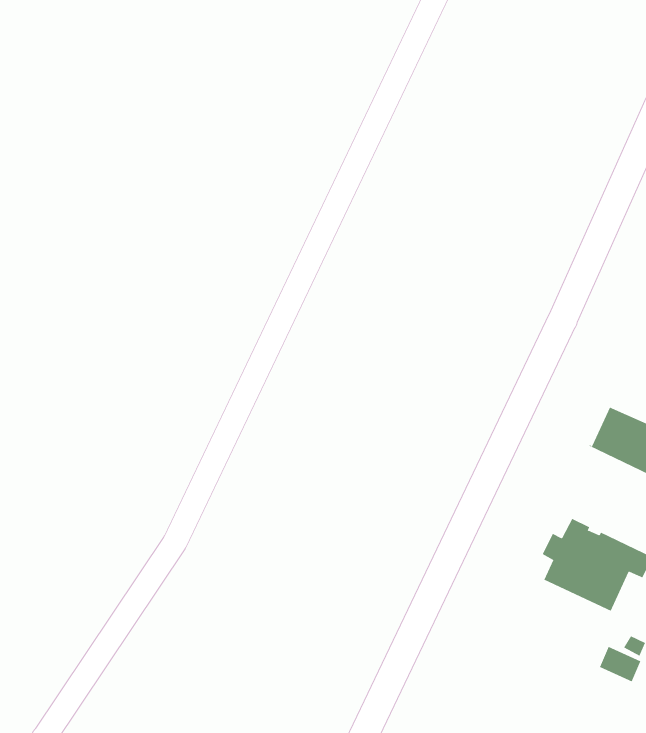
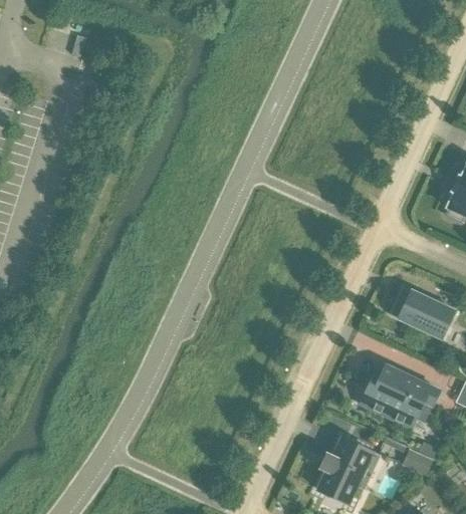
building: none -> [317,438,373,503]

